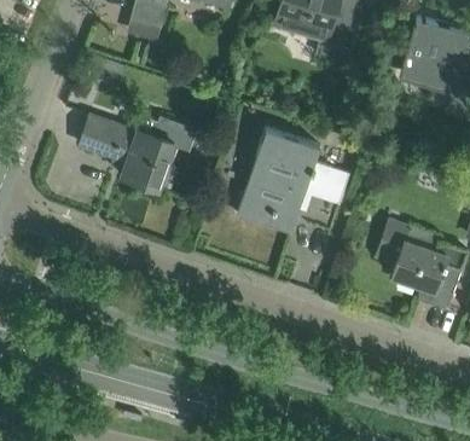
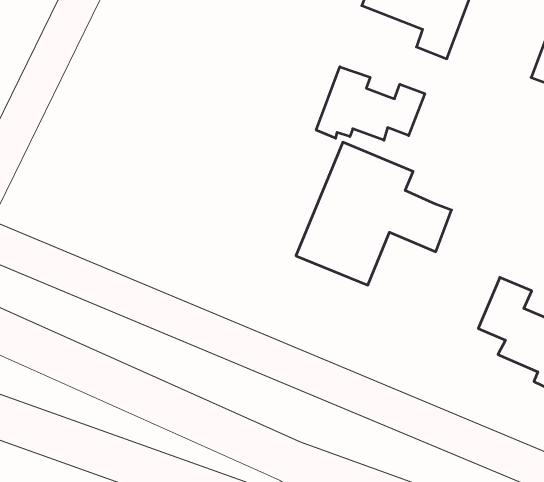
building: none -> [316,67,425,140]
building: [80,115,195,190] -> none

